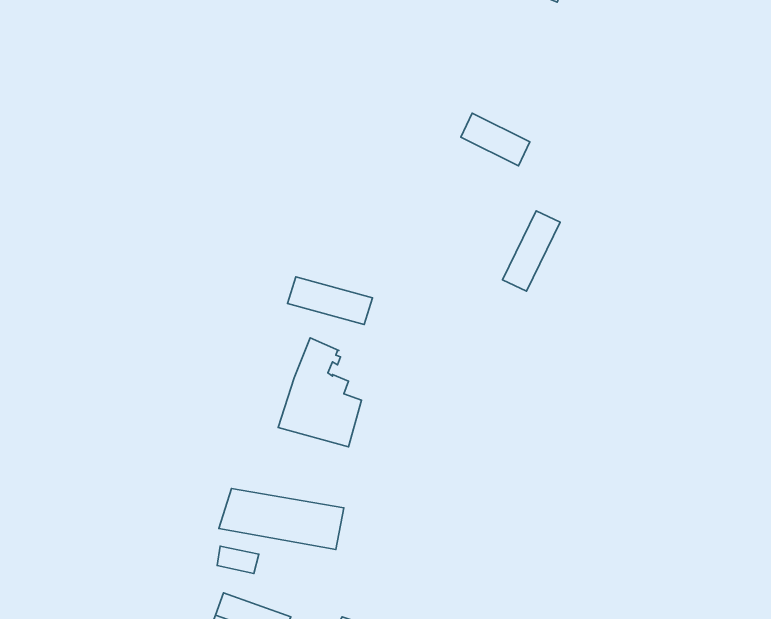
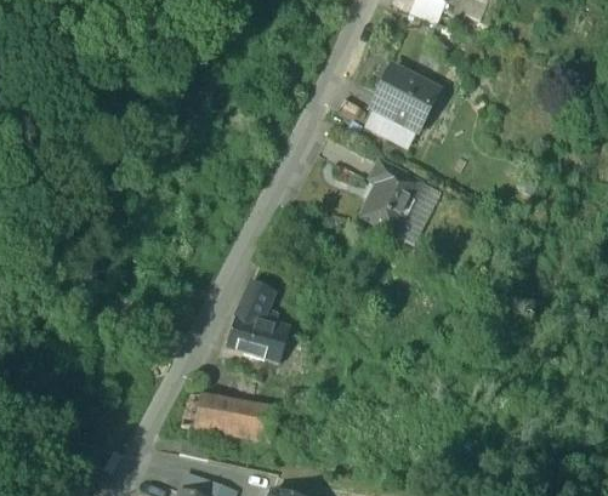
building: none -> [374,68,437,130]
building: none -> [360,160,422,234]
building: [287,277,372,325] -> none

